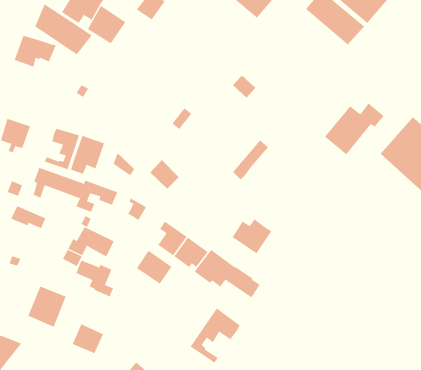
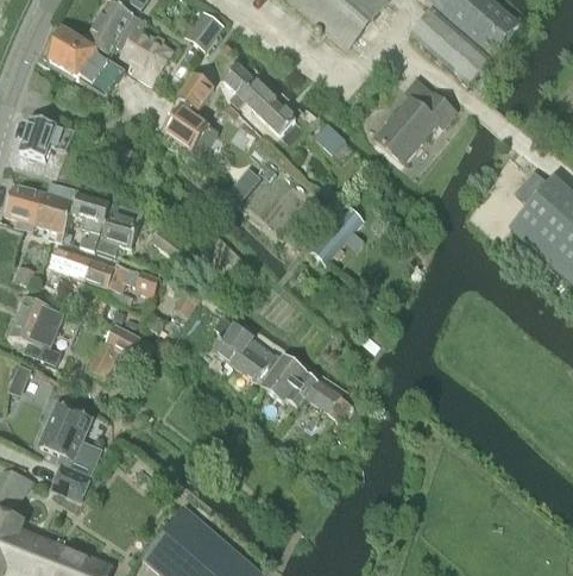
building: none -> [223,63,295,133]
building: [14,35,57,67] -> [18,117,75,159]
building: none -> [163,74,213,151]
building: [324,103,385,155] -> [374,93,455,163]
building: none -> [33,181,74,239]
building: [232,213,272,254] -> none
building: [136,250,172,285] -> none
building: [76,260,114,297] -> [10,314,61,364]
building: [190,308,241,364] -> none
building: [72,324,104,354] -> [50,462,93,502]

